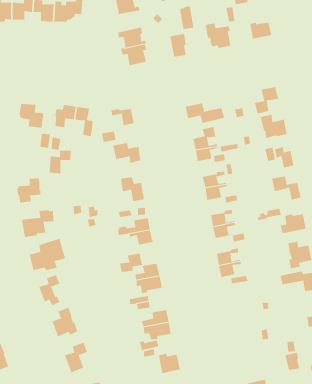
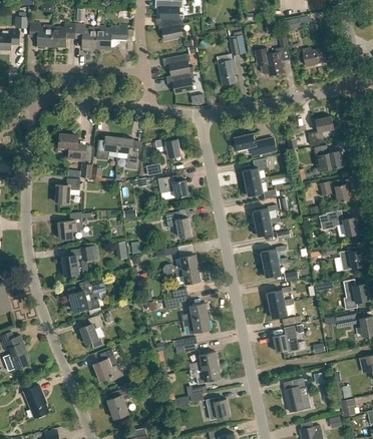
building: [49,150,72,174] -> [56,178,80,203]
building: none -> [274,326,299,352]
building: none -> [285,378,311,412]

